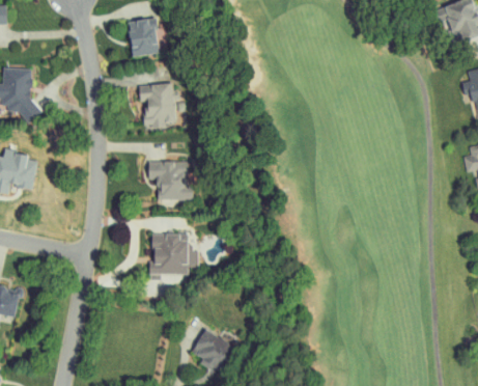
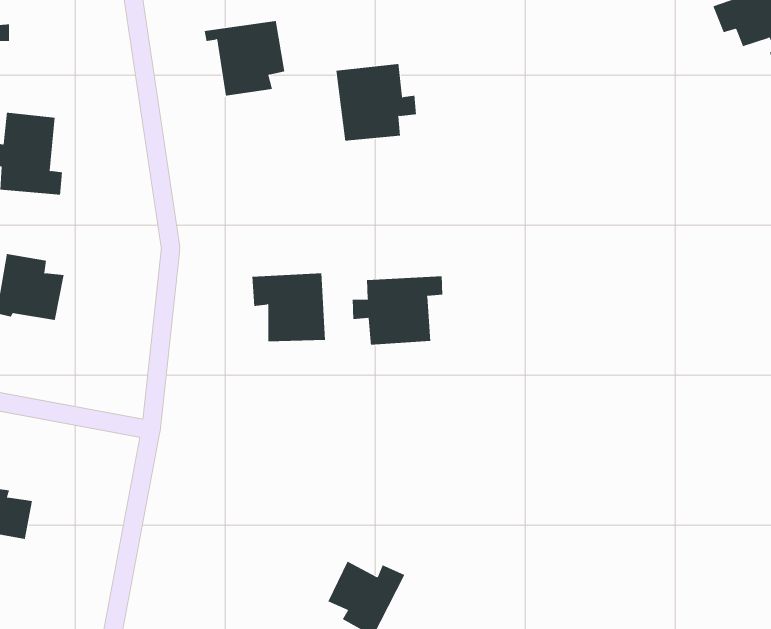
building: [142,82,190,128] -> [336,63,417,141]
building: none -> [352,276,443,345]
building: [153,233,201,275] -> none

